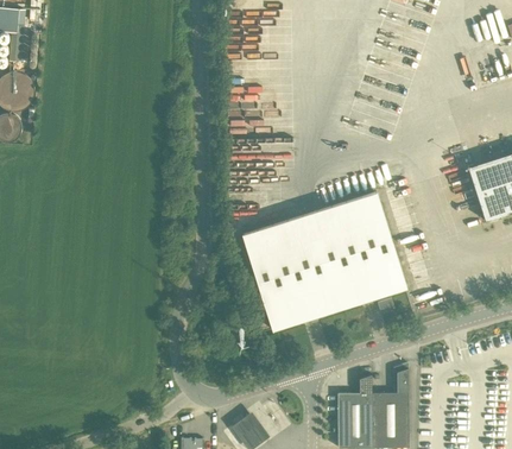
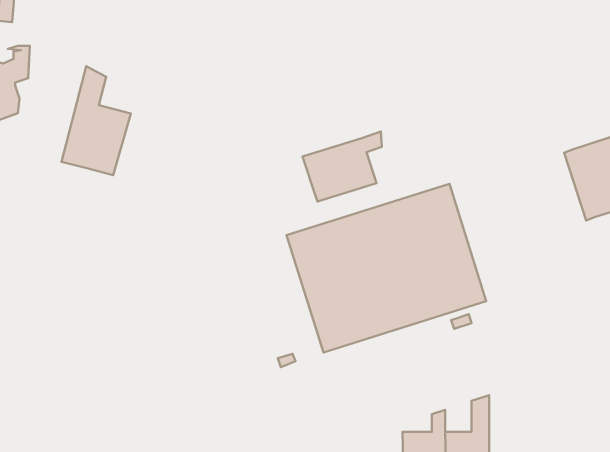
building: none -> [61,66,131,175]
building: none -> [303,132,382,201]

